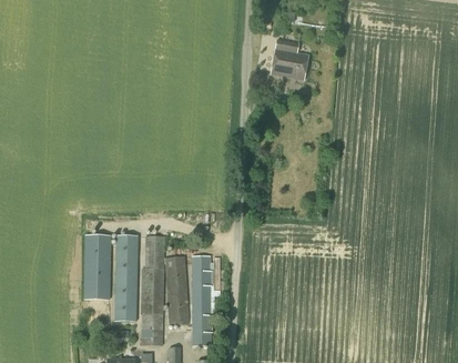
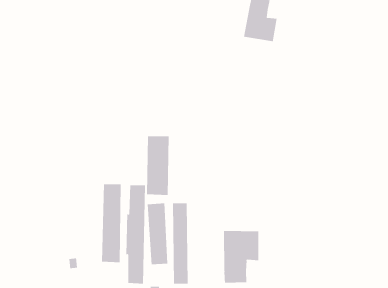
building: [84,234,110,300] -> [146,136,170,196]
building: none -> [223,230,259,284]

